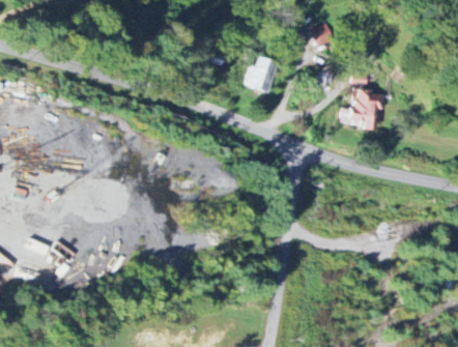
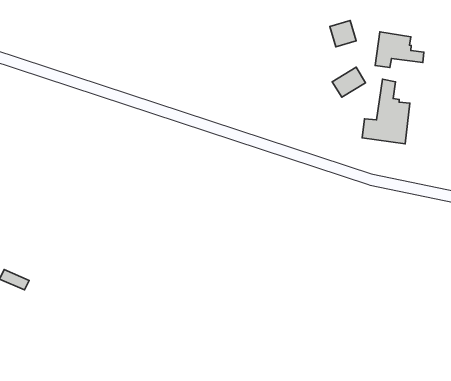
building: none -> [375,32,424,68]
building: [241,57,278,93] -> none

